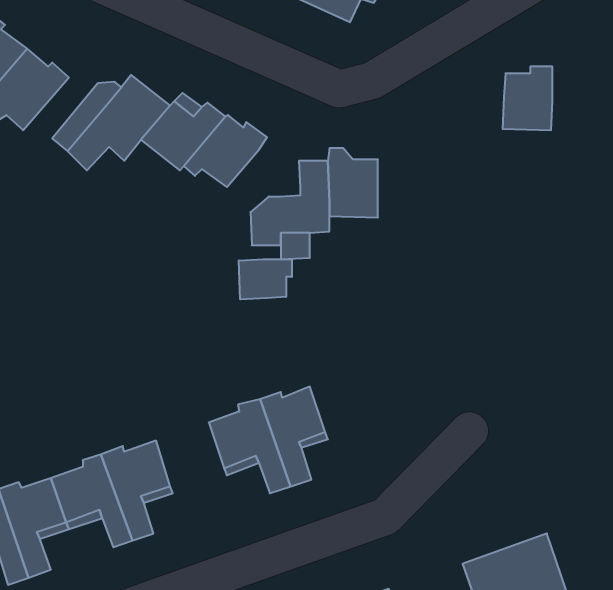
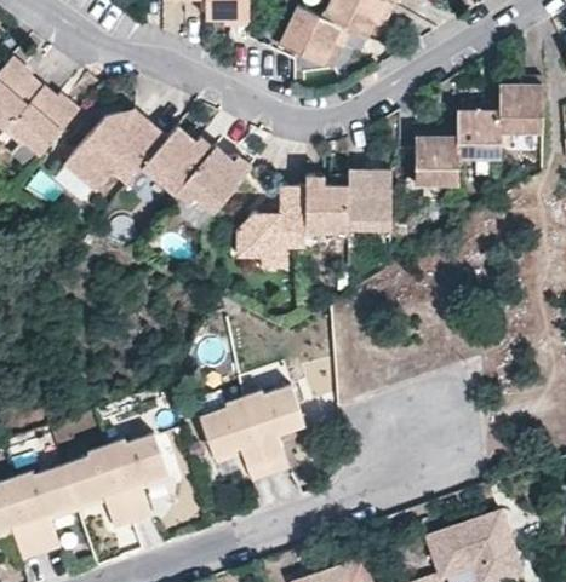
building: none -> [502,77,544,133]
building: none -> [417,129,459,186]
building: none -> [349,167,390,229]
building: [239,259,292,299] -> none

